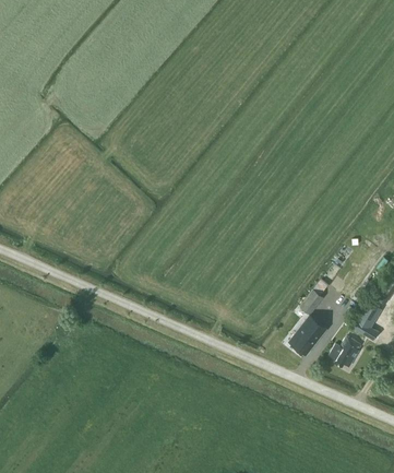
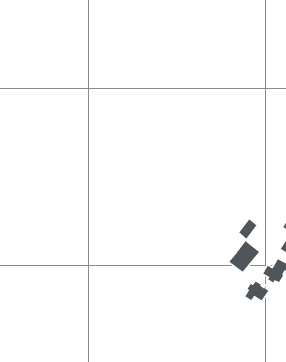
building: none -> [244,280,270,302]

